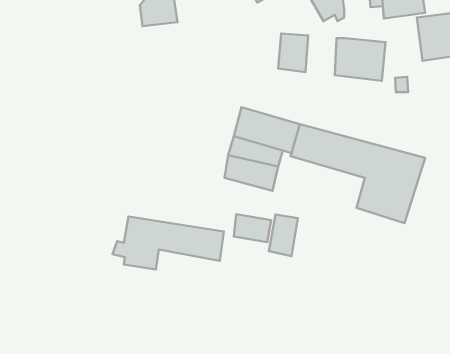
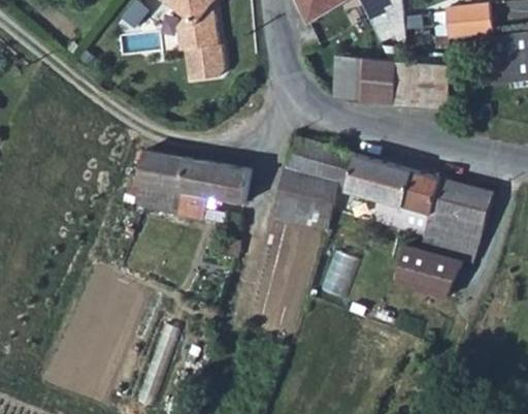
building: none -> [184,43,224,79]
building: none -> [362,58,396,101]
building: none -> [395,250,454,299]
building: [234,214,271,242] -> none
building: [113,217,224,269] -> [126,155,248,213]

